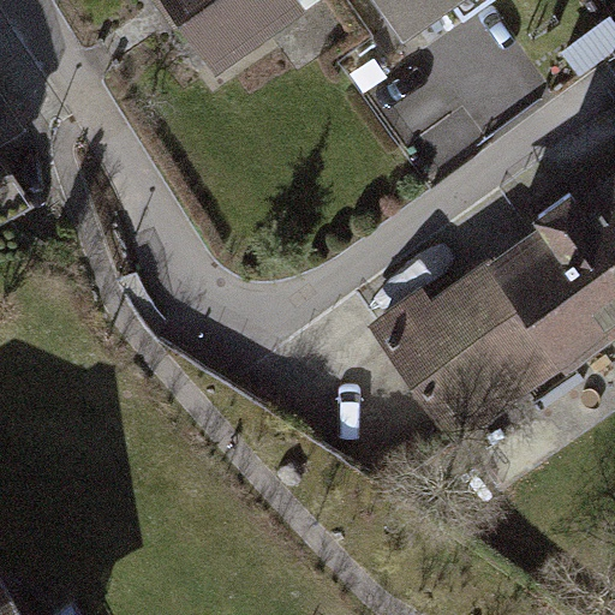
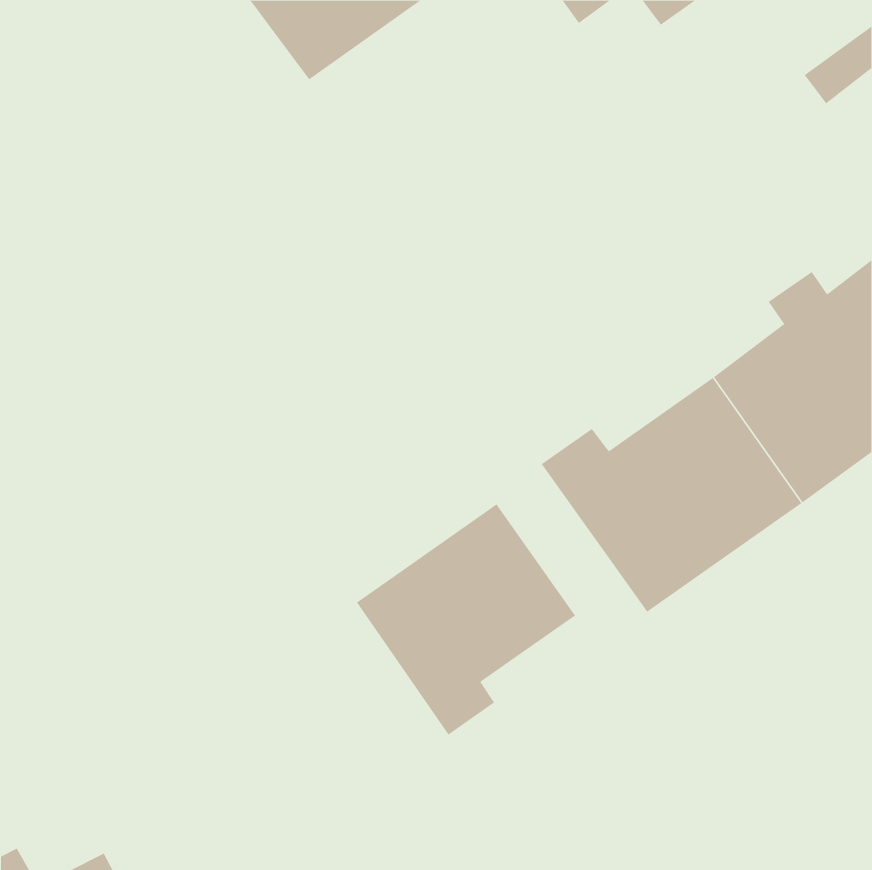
building: none -> [356,504,576,736]

